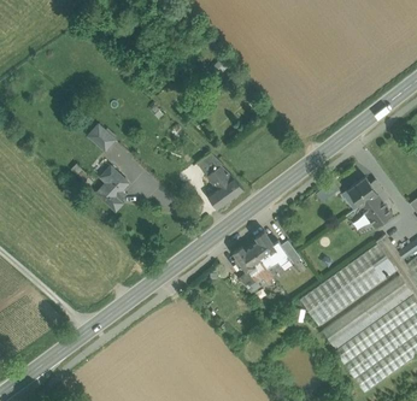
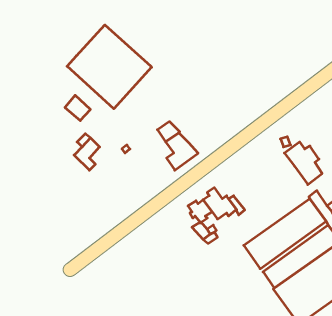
building: none -> [67,25,152,109]

